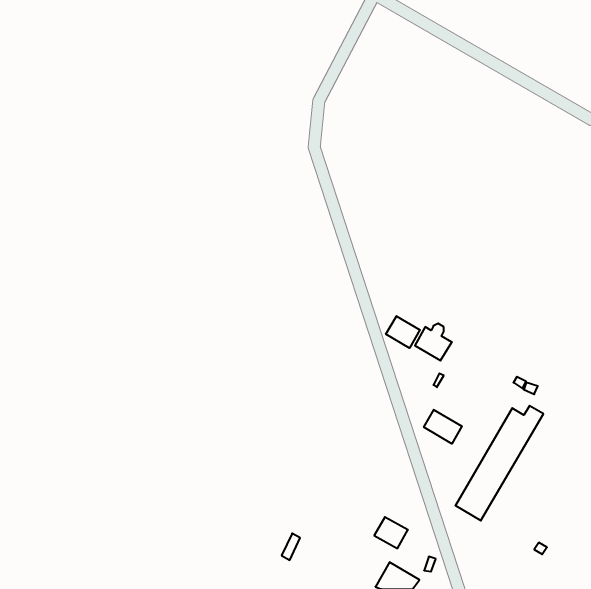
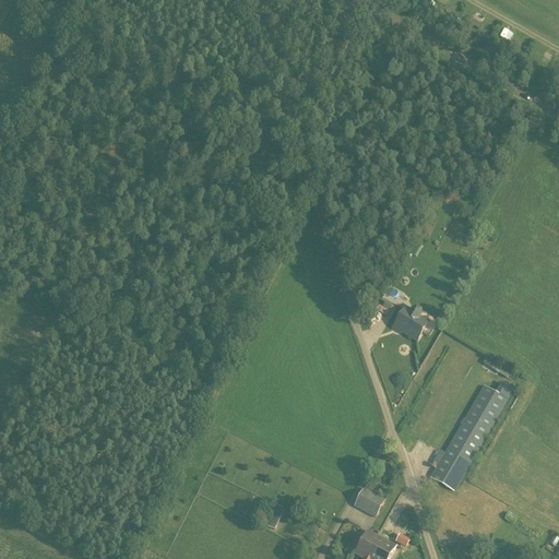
building: [386,316,420,348] -> none
building: [424,410,462,444] -> none

